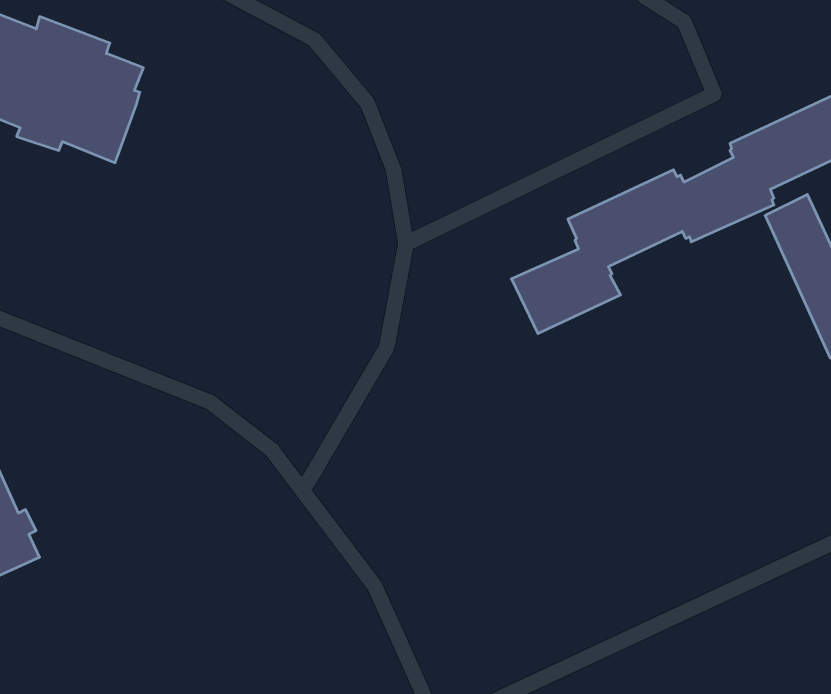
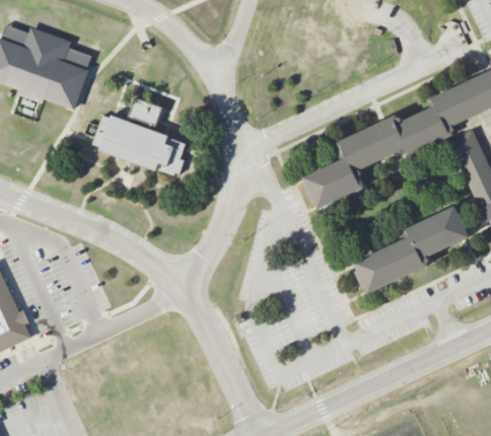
building: none -> [91,97,186,175]
building: none -> [353,206,470,294]

